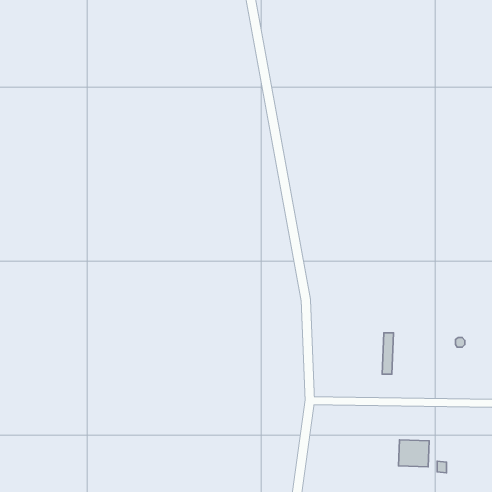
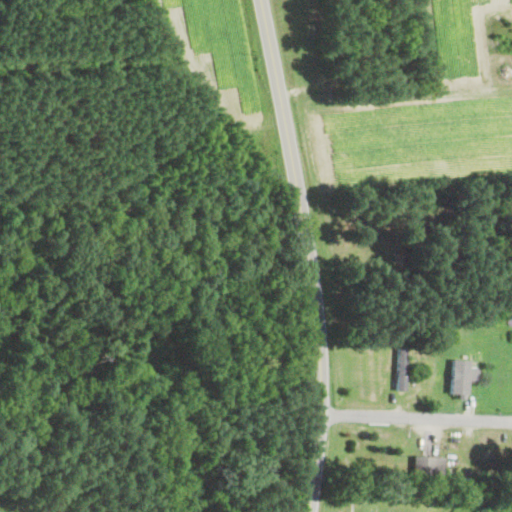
building: none -> [452,360,471,395]

